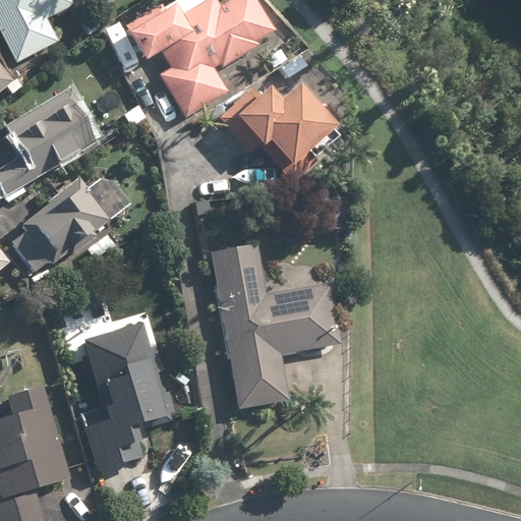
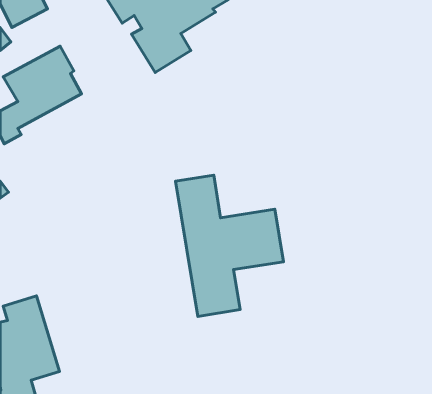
building: [218,82,337,167] -> none
building: [9,172,130,275] -> none
building: [78,323,168,470] -> none

